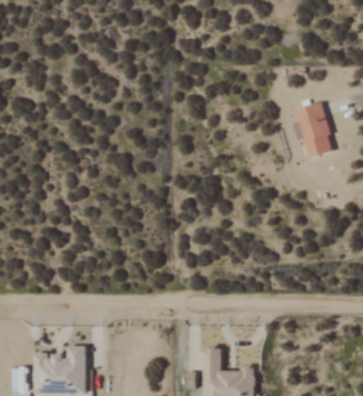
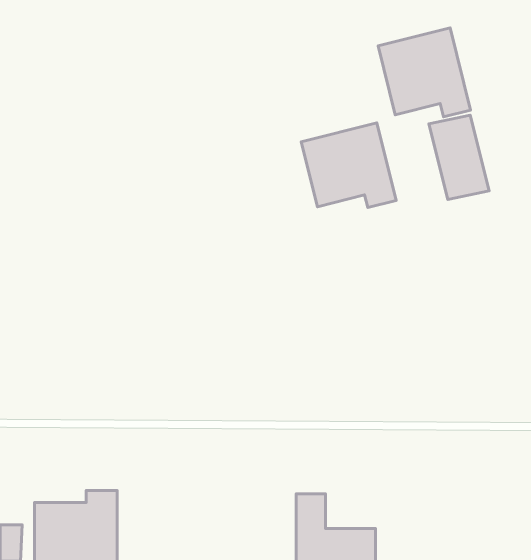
building: none -> [378,28,471,117]
building: none -> [301,123,396,207]

